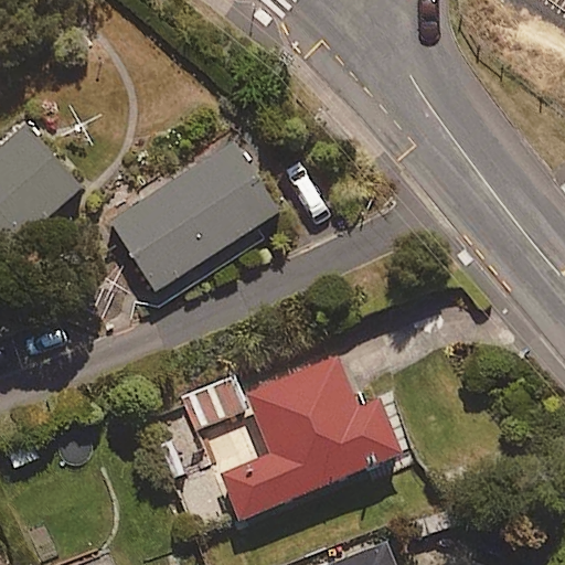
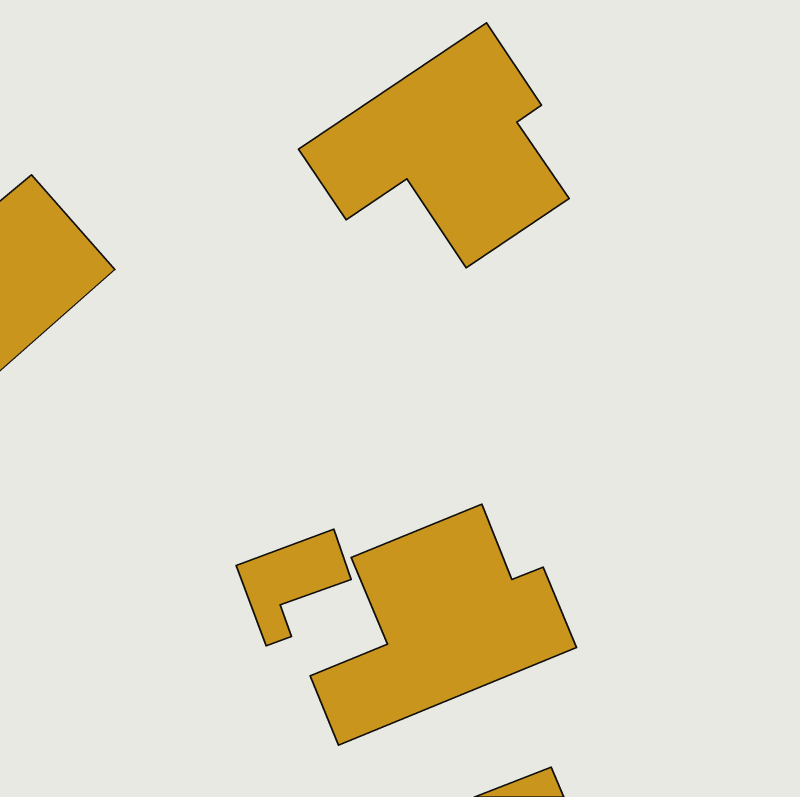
building: none -> [299,23,569,268]
building: [102,139,278,298] -> none

